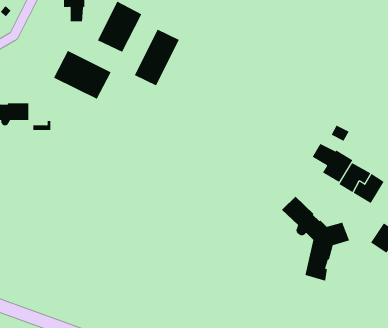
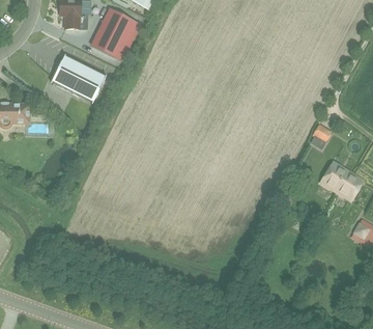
building: [134,29,180,86] -> none
building: [312,143,353,183] -> none
building: [281,196,350,281] -> none

